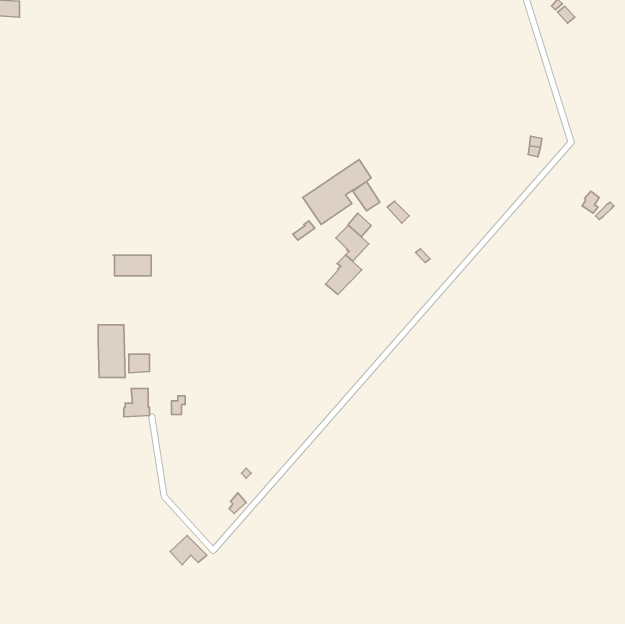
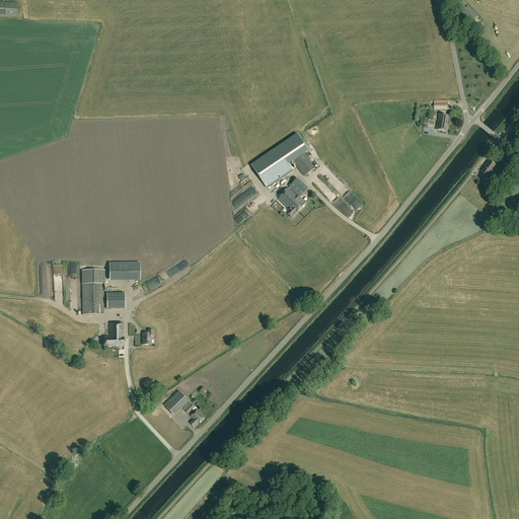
building: [326,255,362,295] -> none
building: [113,255,151,276] -> [107,262,139,279]
building: [170,536,207,565] -> [164,389,195,414]

